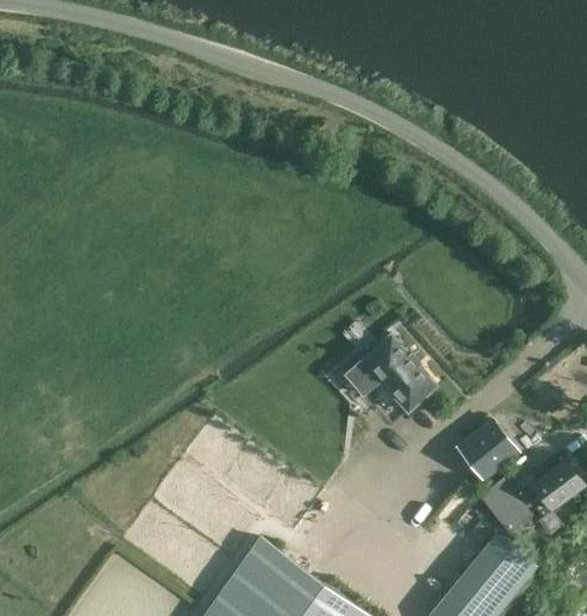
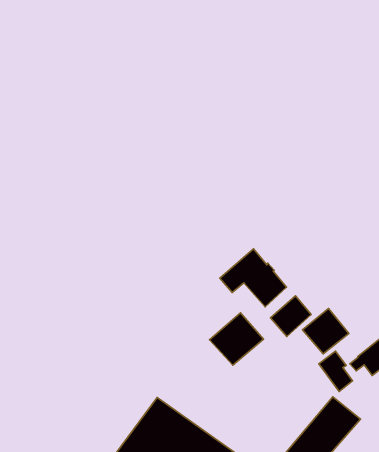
building: none -> [271,296,311,336]
building: none -> [210,313,263,365]

